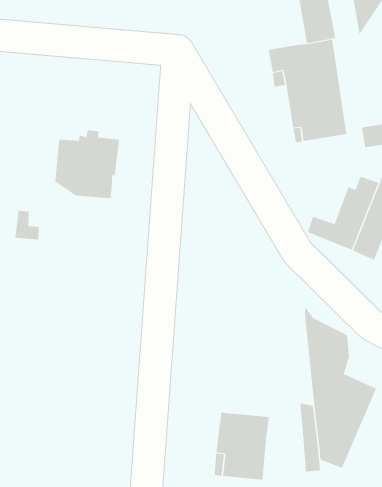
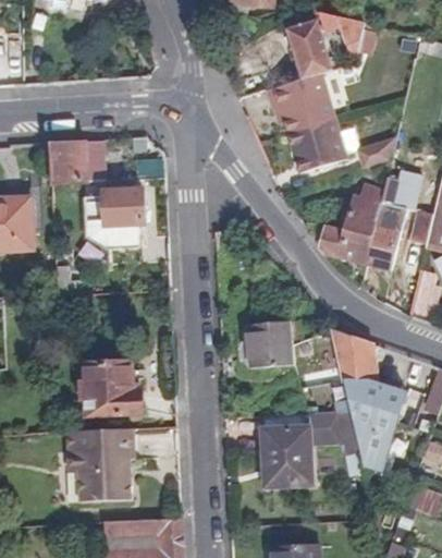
building: none -> [51,137,87,179]
building: none -> [246,325,293,368]
building: none -> [85,359,140,413]
building: none -> [66,425,134,499]
building: none -> [308,411,342,445]

